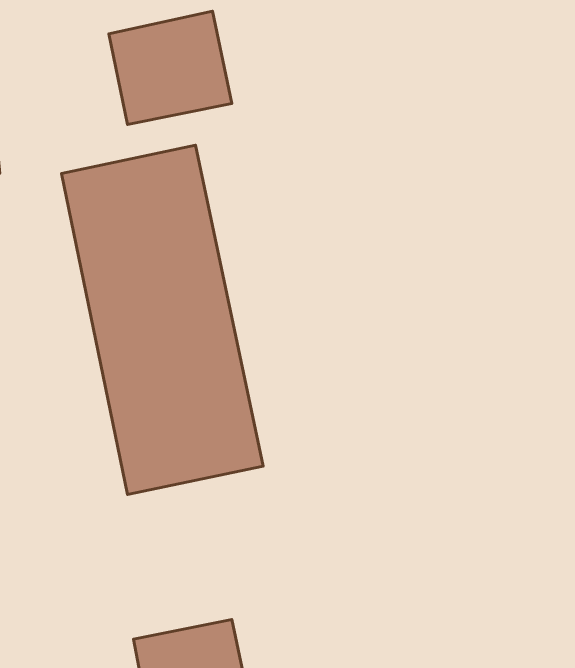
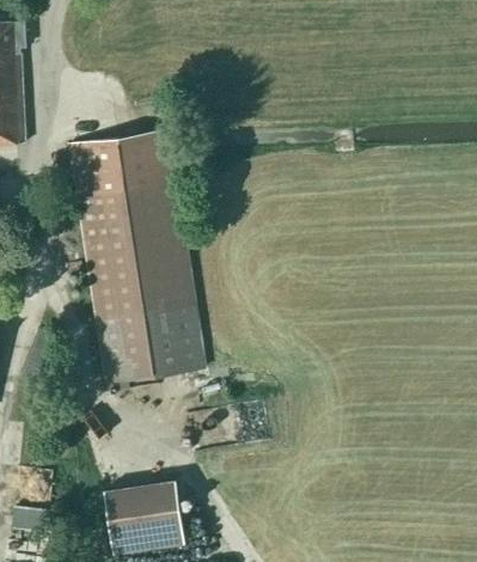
building: [109,11,232,125] -> none

